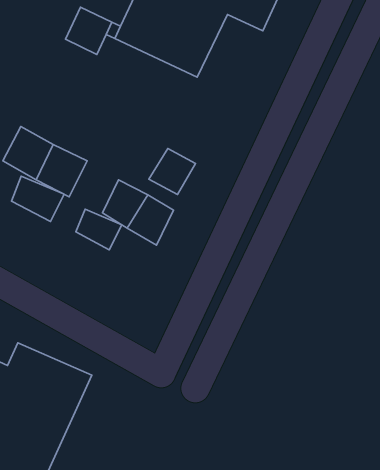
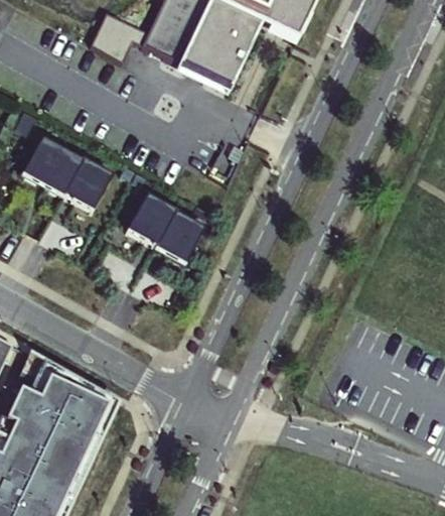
building: [149,148,195,194] -> none
building: [11,176,64,222] -> none
building: [76,209,122,250] -> none

